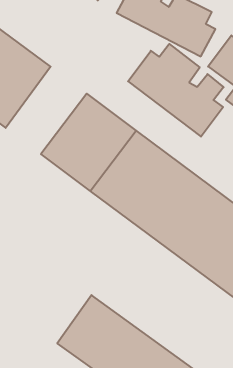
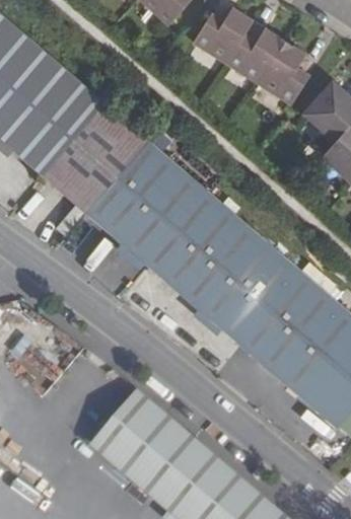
building: [128,44,224,137] -> none
building: none -> [44,103,147,211]

